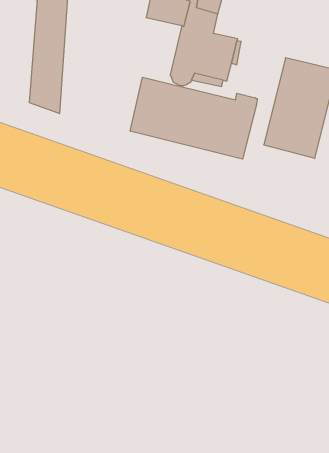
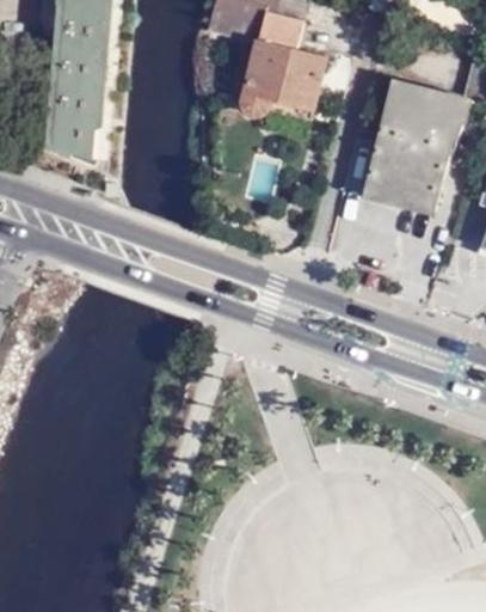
building: [130,77,257,159] -> none

